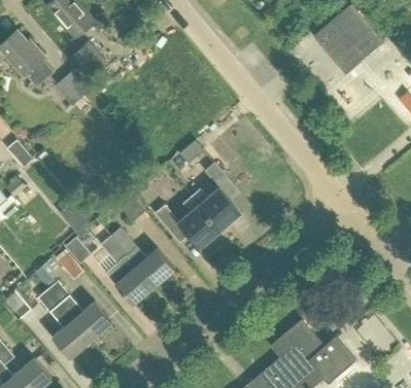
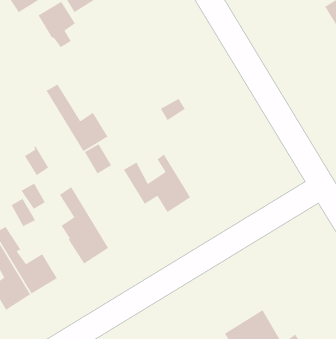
building: [190,162,241,228] -> none
building: [110,227,174,286] -> [45,83,108,152]

